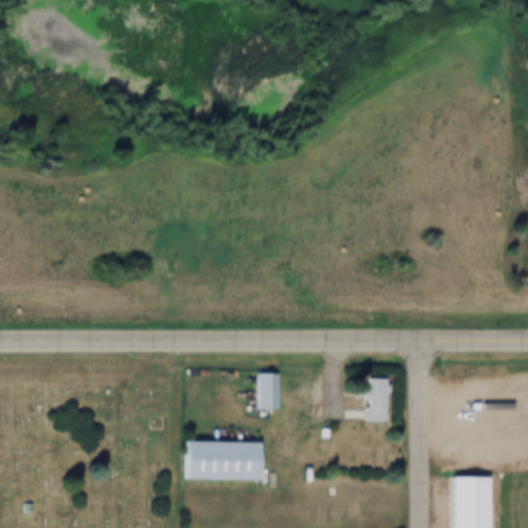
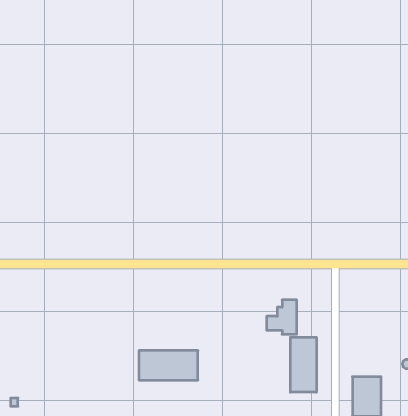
building: [258,373,277,409] -> none
building: none -> [290,337,316,392]

